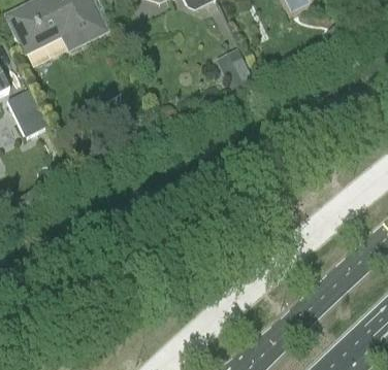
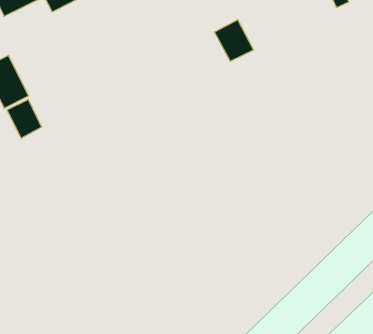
building: none -> [7,99,41,138]

